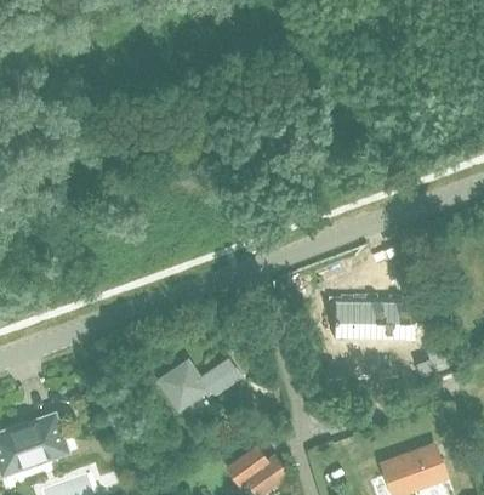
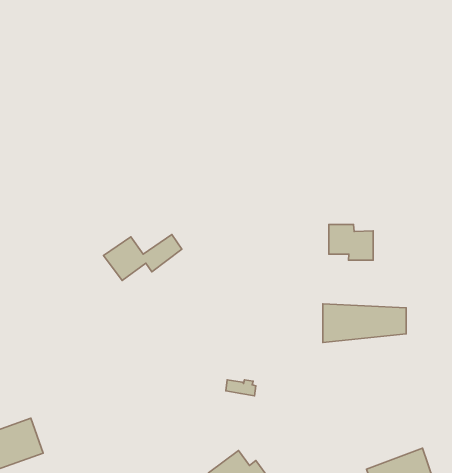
building: none -> [329,224,373,260]
building: [161,362,238,406] -> [103,234,182,280]

